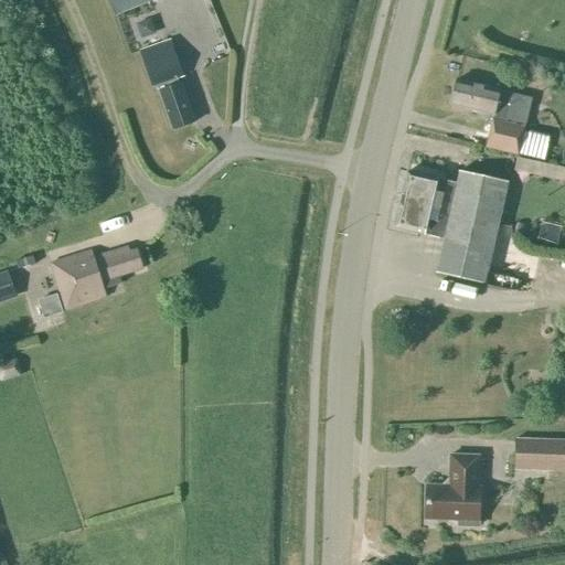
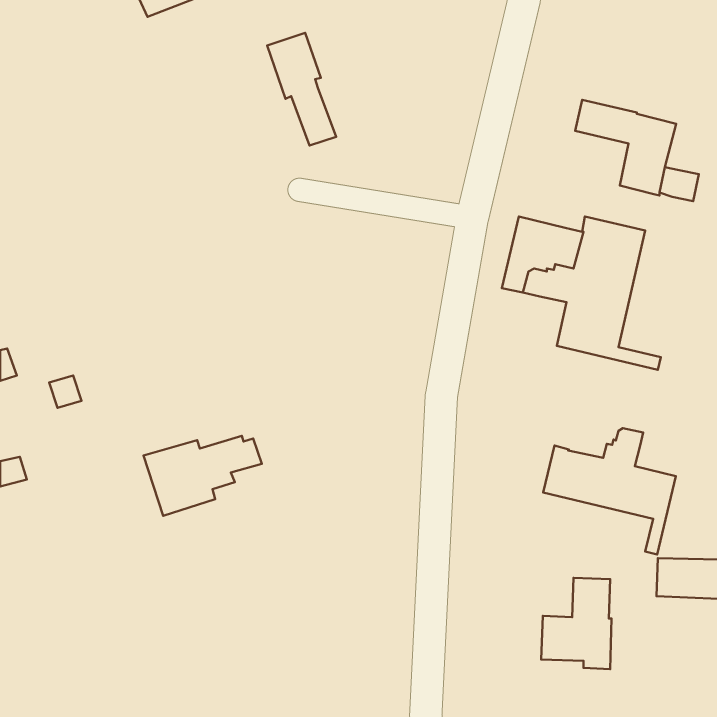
building: [141,40,195,128] -> [267,33,336,145]
building: [51,246,143,309] -> [144,436,262,516]
building: none -> [543,428,676,555]

